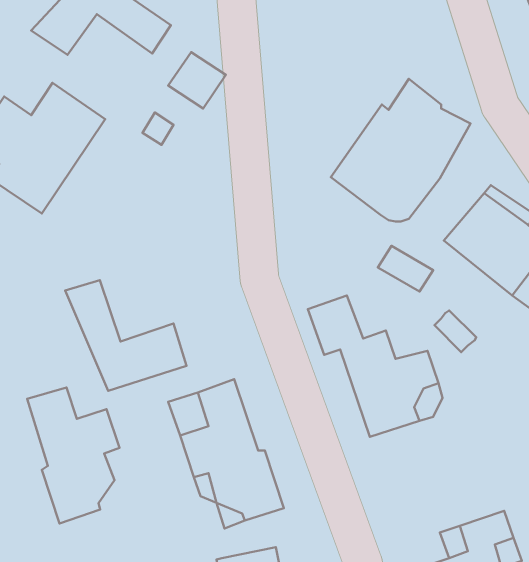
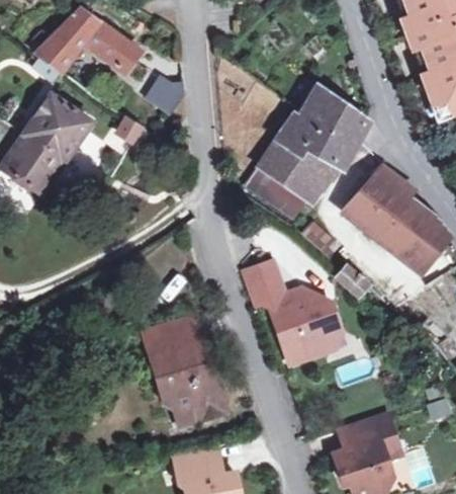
building: none -> [244,166,303,218]
building: [65,280,186,391] -> none
building: [27,388,119,523] -> none

